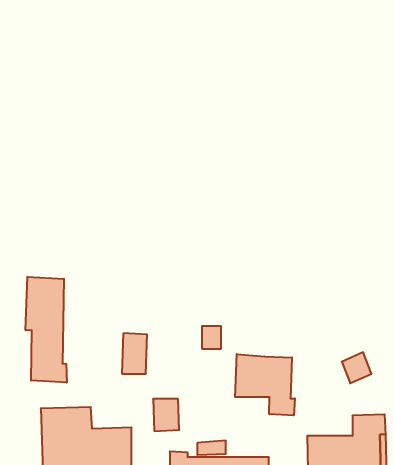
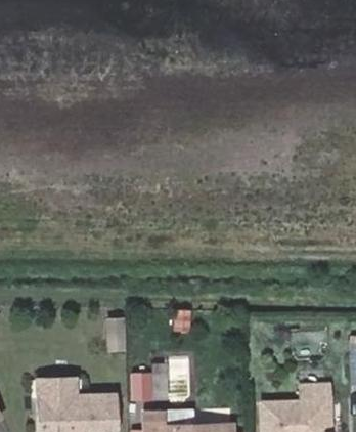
building: [26,277,67,383] -> none
building: [235,354,295,415] -> none

